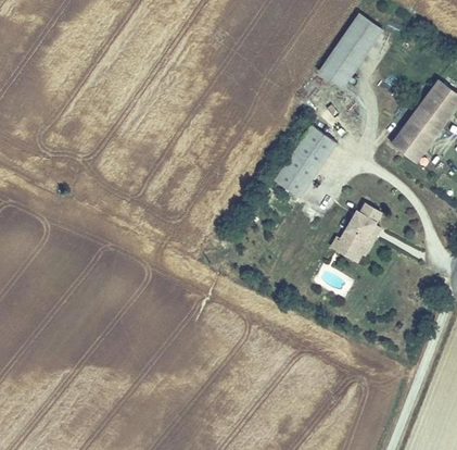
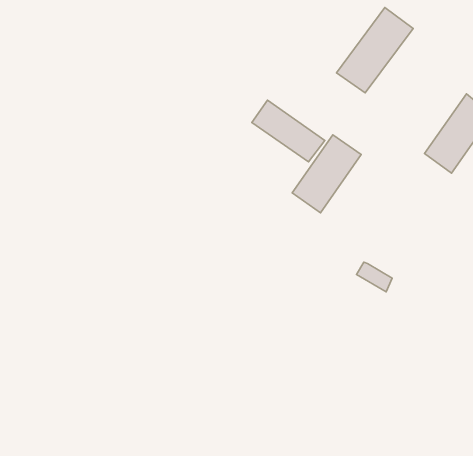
building: none -> [252,100,325,162]
building: [343,203,382,251] -> none

